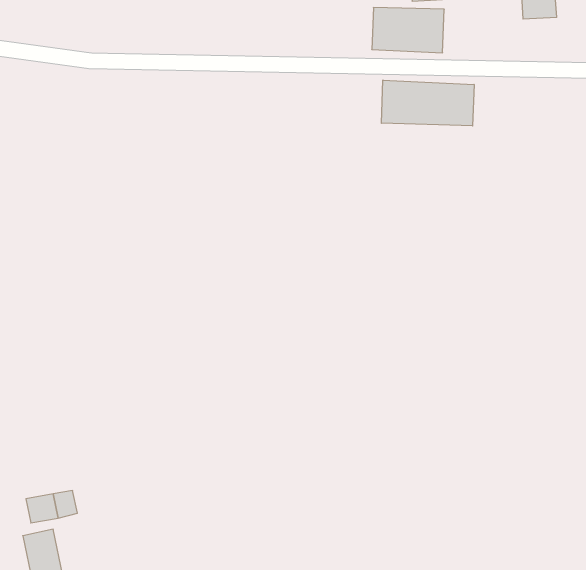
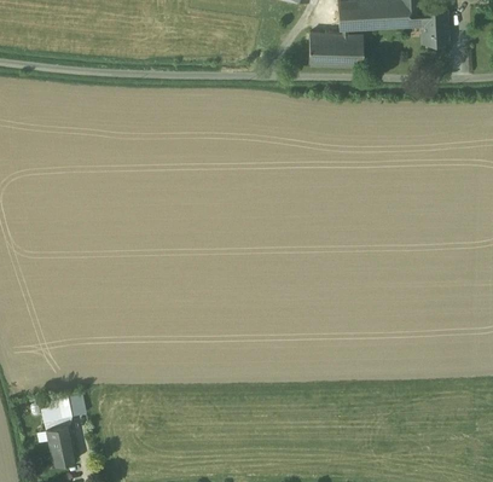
building: [381,80,474,126] -> none

